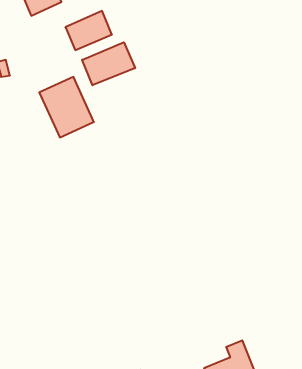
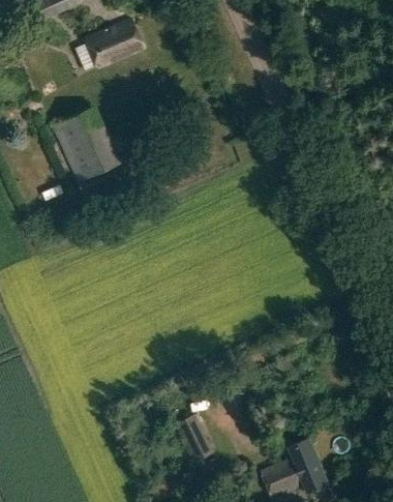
building: [82,42,135,85] -> none
building: none -> [175,412,211,459]

